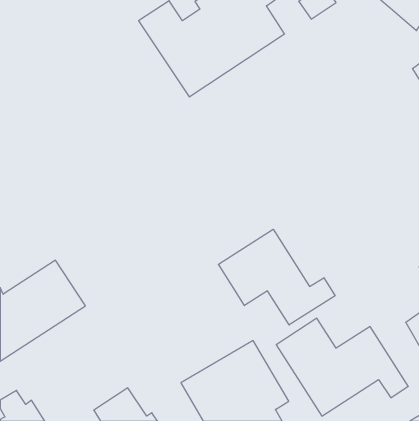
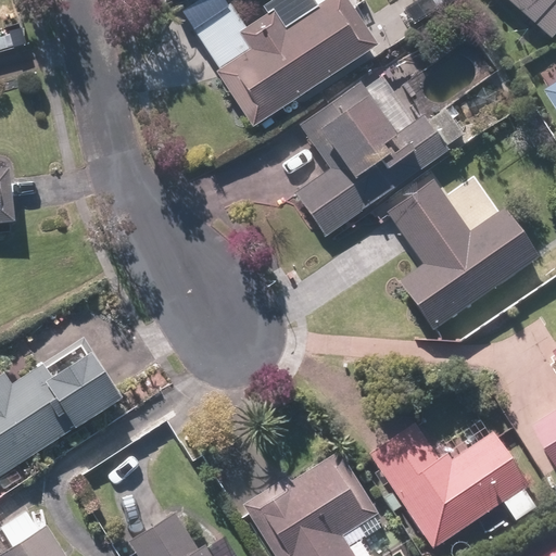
building: none -> [296,71,466,236]
building: none -> [388,179,538,330]
building: [218,229,335,325] -> none

